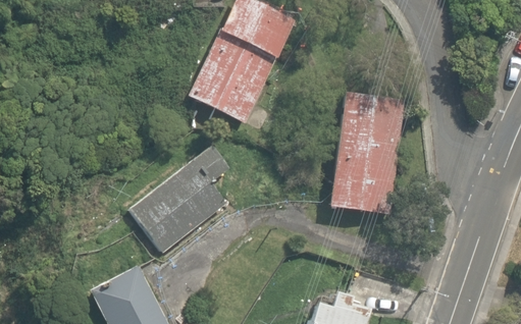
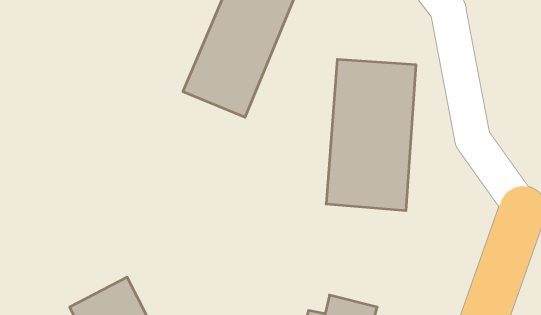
building: [131,143,233,253] -> none

